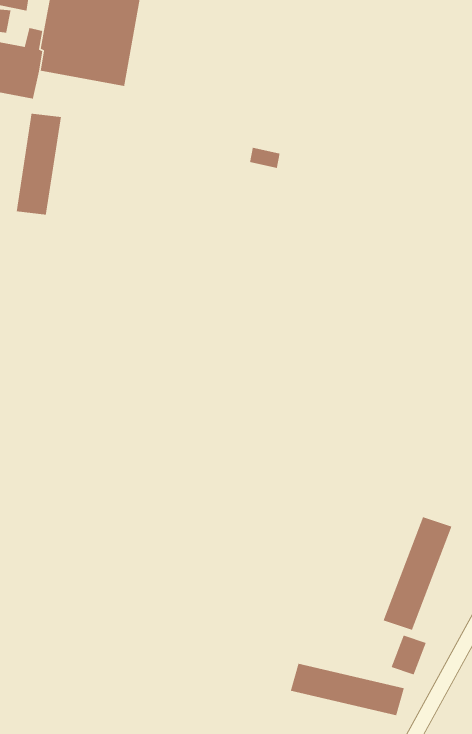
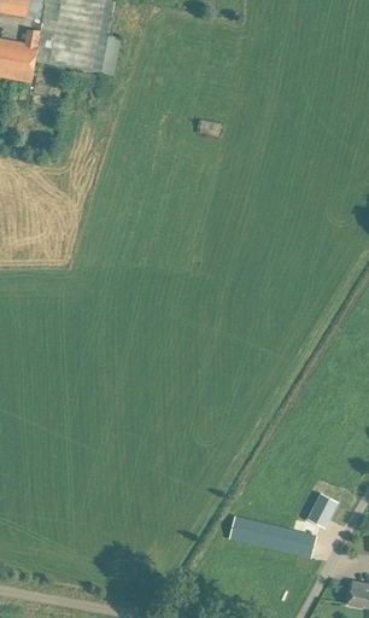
building: [16,113,62,216] -> none
building: [383,516,452,631] -> none

